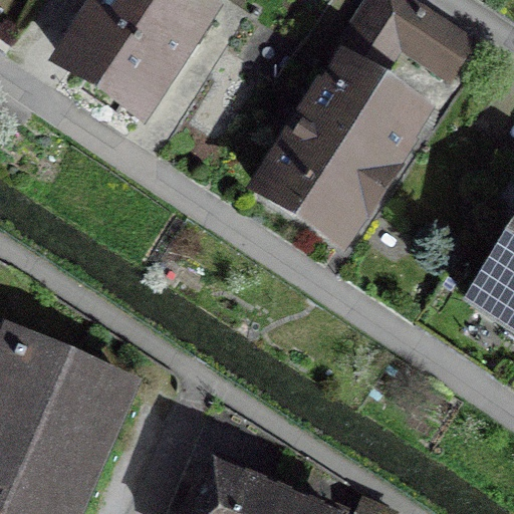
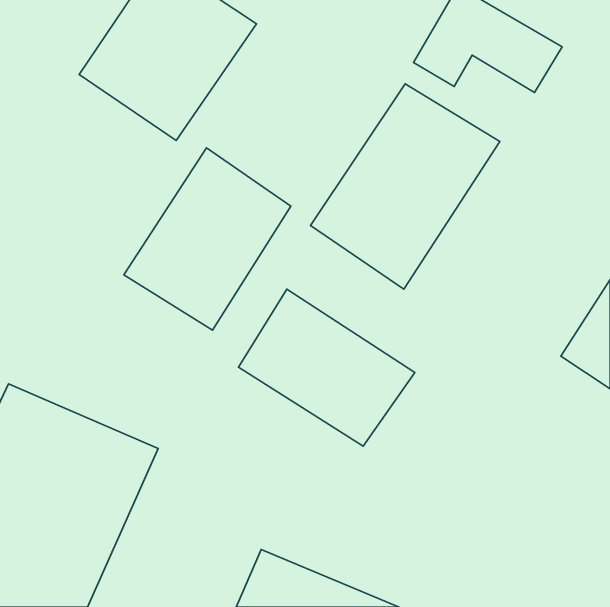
building: none -> [124,148,291,330]
building: none -> [238,289,415,446]

